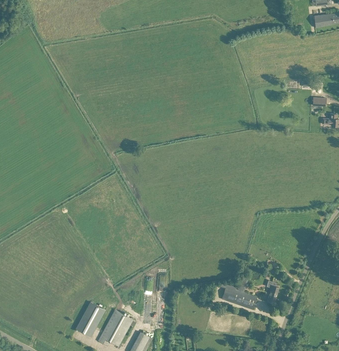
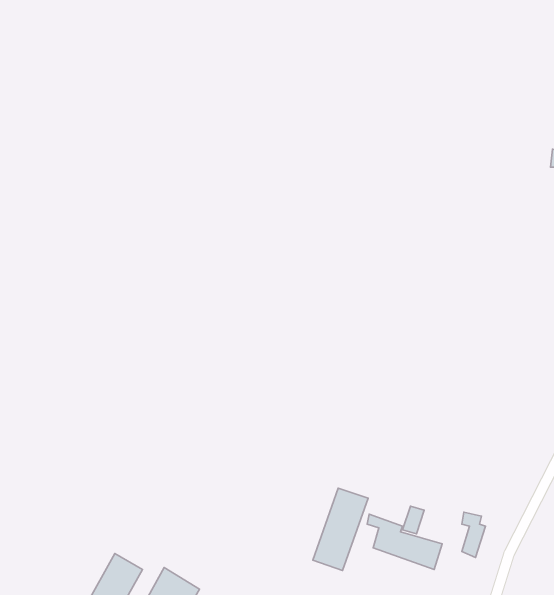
building: none -> [313,488,368,570]

